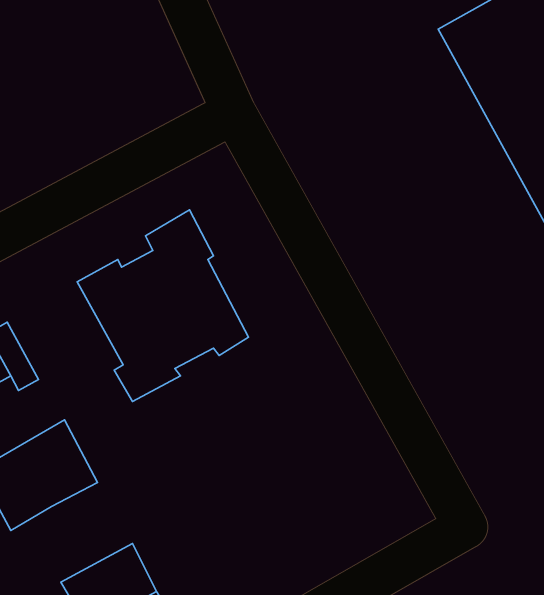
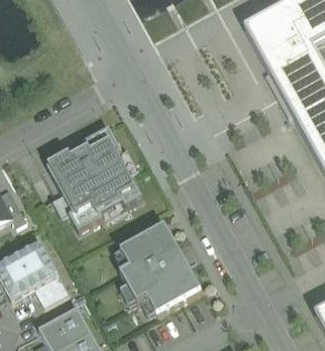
building: none -> [119,224,200,314]
building: none -> [32,274,68,306]

